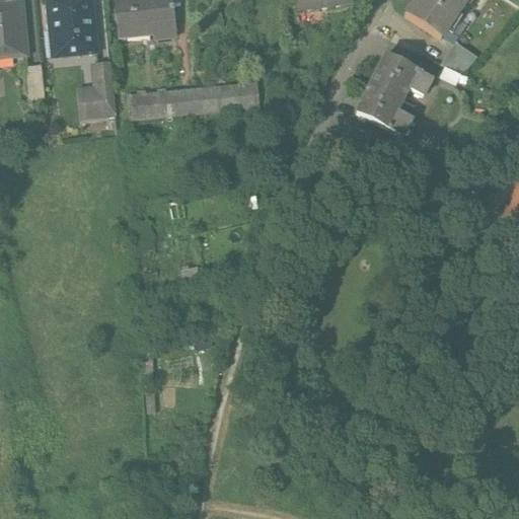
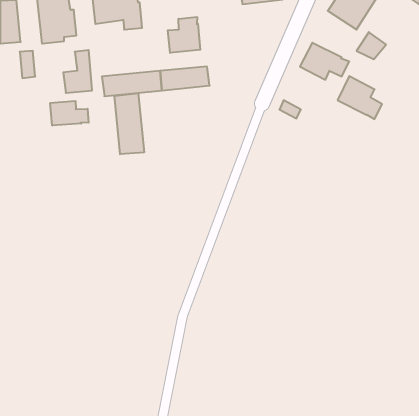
building: none -> [168,17,200,53]
building: [357,82,412,135] -> [338,76,382,119]
building: none -> [114,93,144,154]
building: none -> [50,101,89,126]

